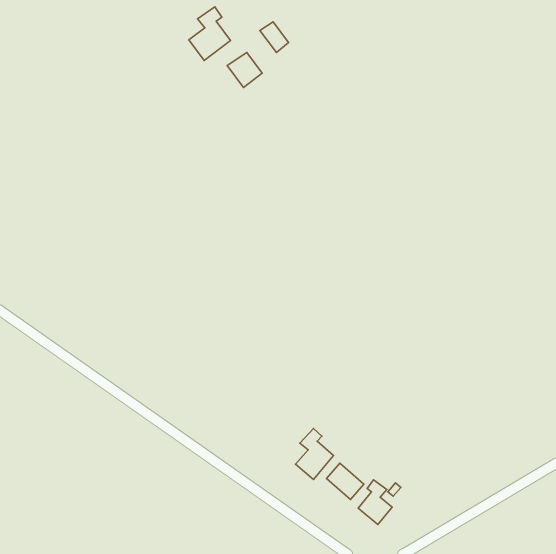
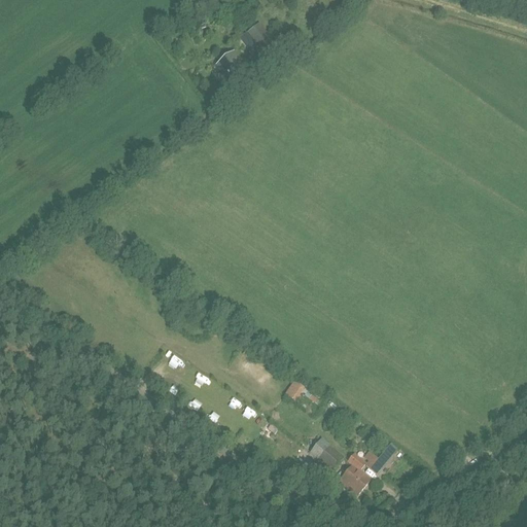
building: [189,7,230,61] -> none
building: [296,428,334,480] -> none

